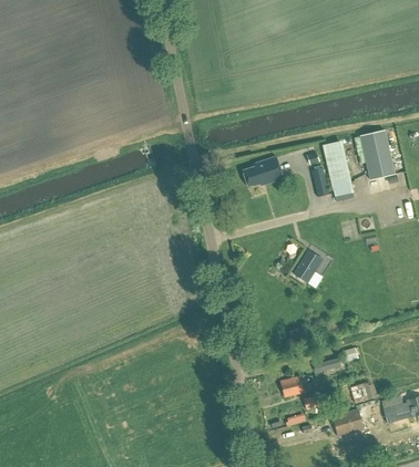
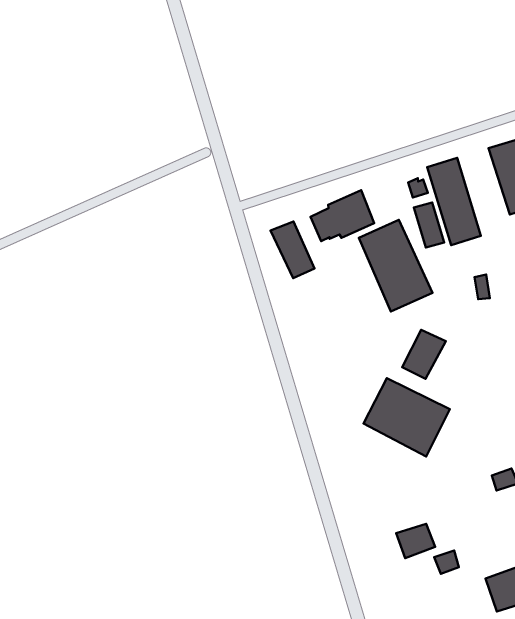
building: none -> [270,221,315,278]
building: none -> [359,220,432,312]
building: none -> [364,378,450,457]

